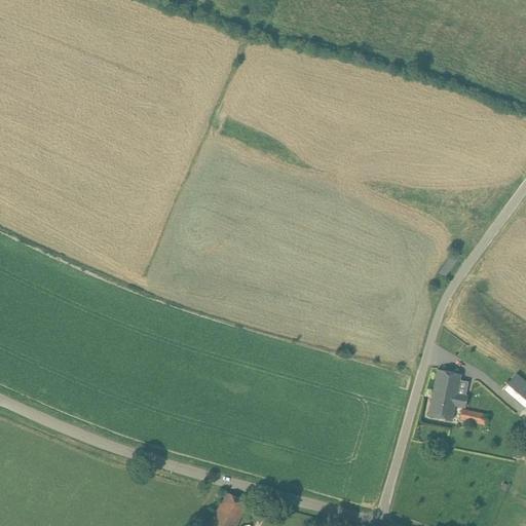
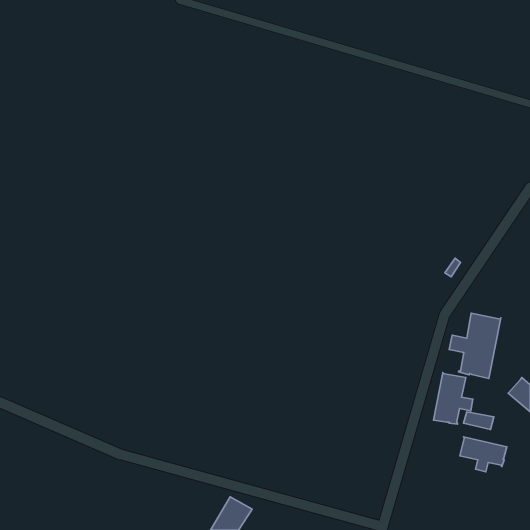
building: none -> [449,313,501,379]
building: none -> [460,437,507,472]

